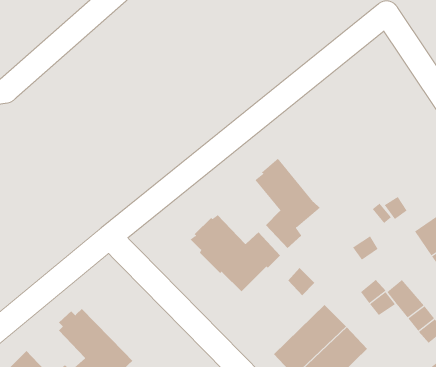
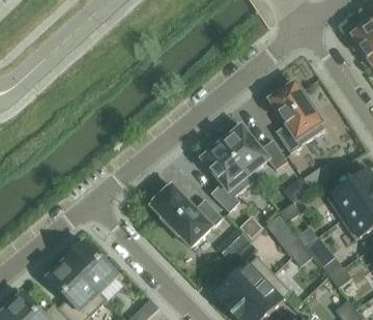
building: none -> [270,81,324,153]
building: none -> [220,125,286,175]
building: none -> [65,241,117,293]

